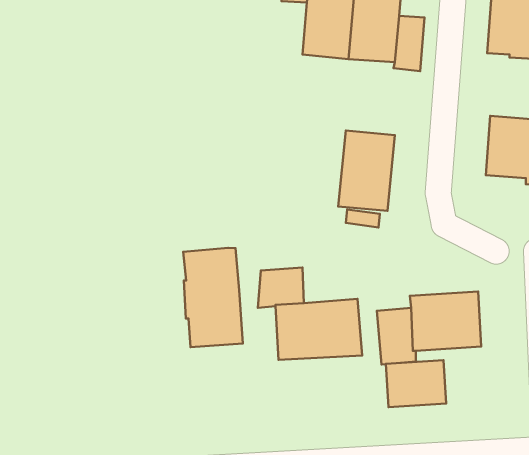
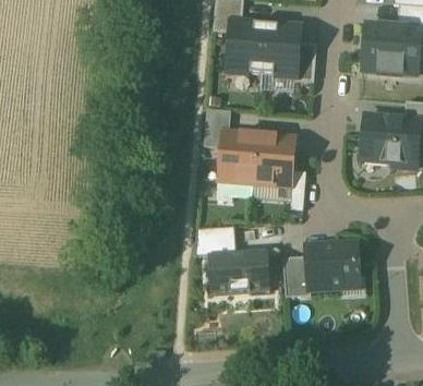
building: none -> [217,122,259,182]
building: [183,248,243,347] -> none
building: [386,360,446,407] -> none

